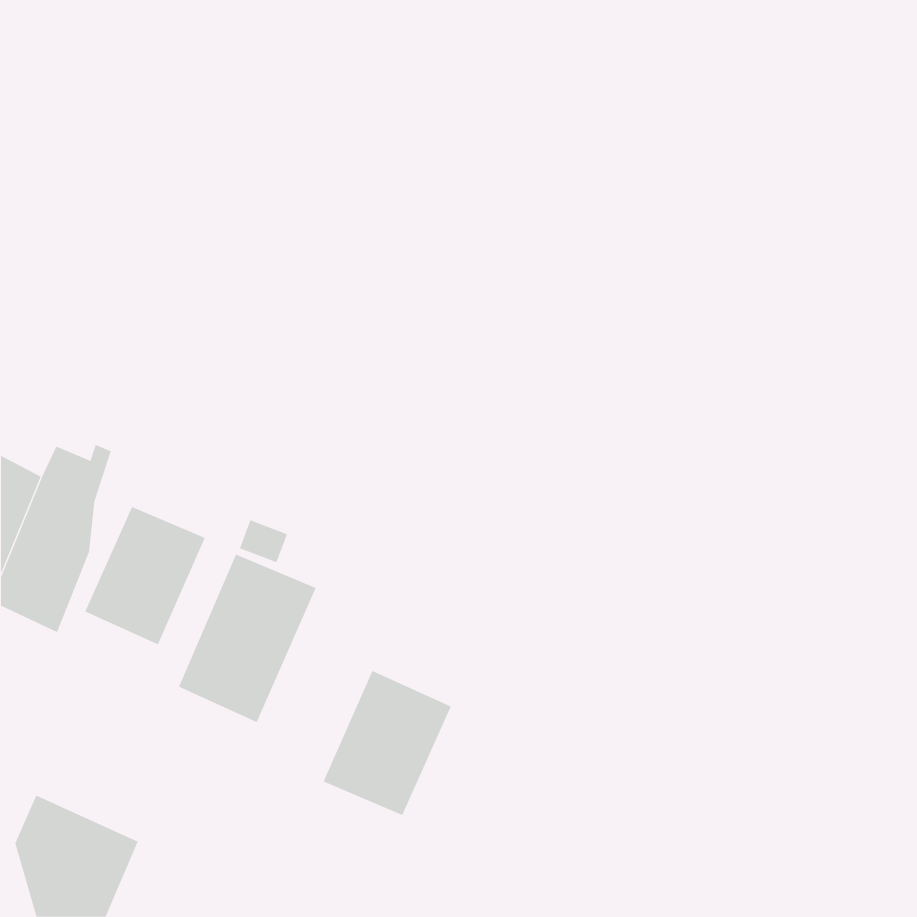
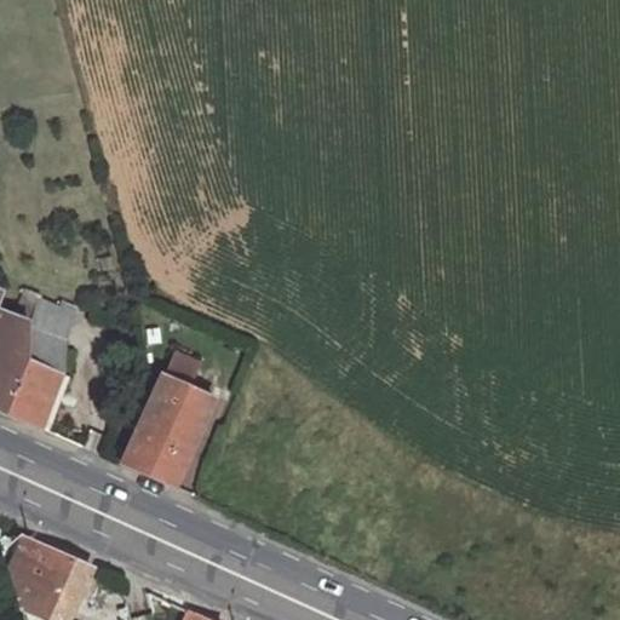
building: [85,506,205,645] -> none
building: [323,670,452,816] -> none

